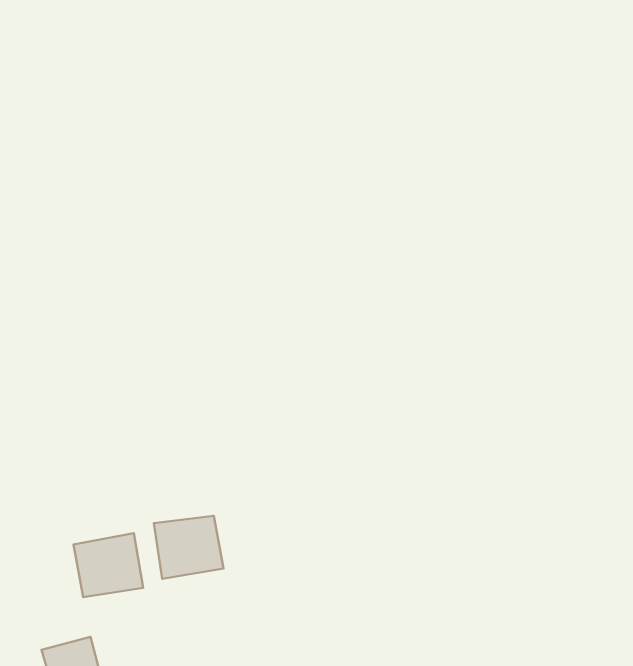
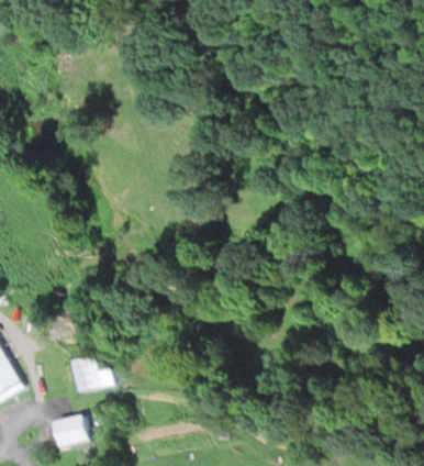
building: [154,516,223,579] -> none

